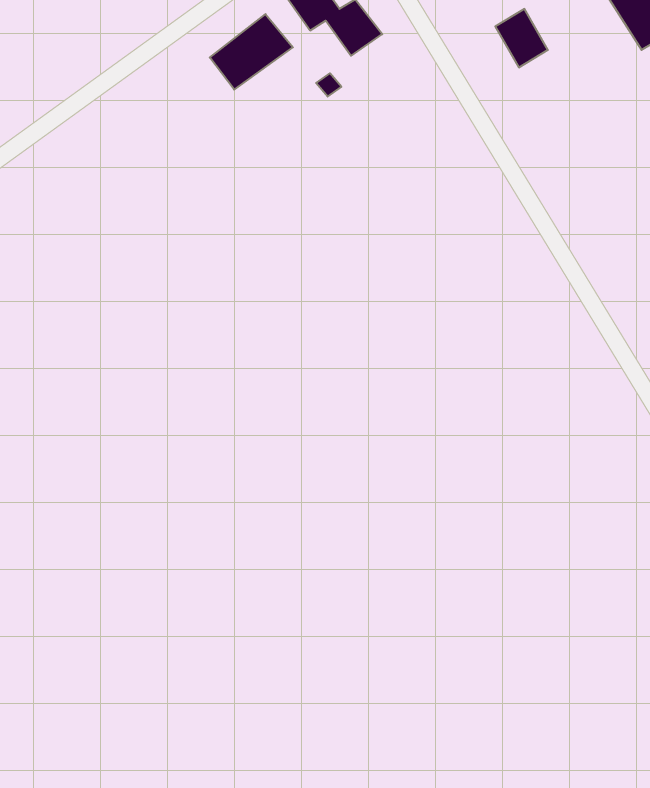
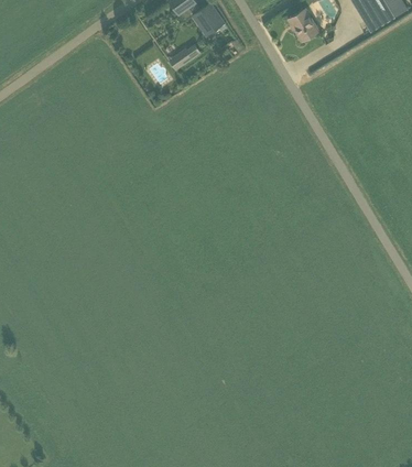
building: [210,14,293,90] -> none

